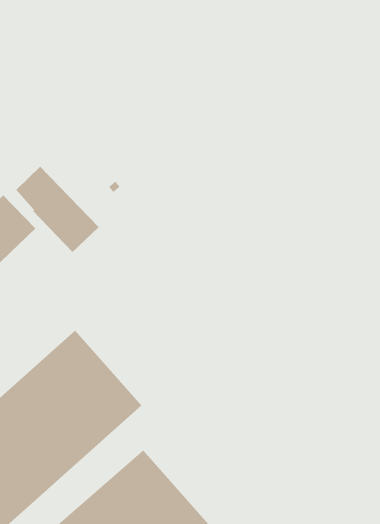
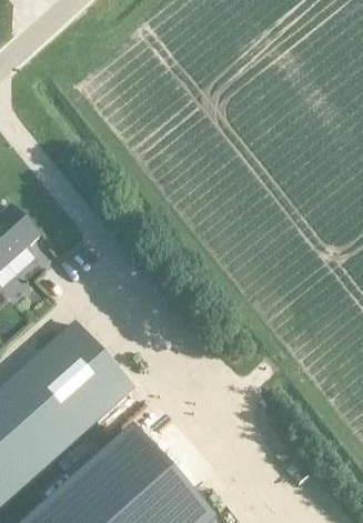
building: [15,166,99,253] -> none

